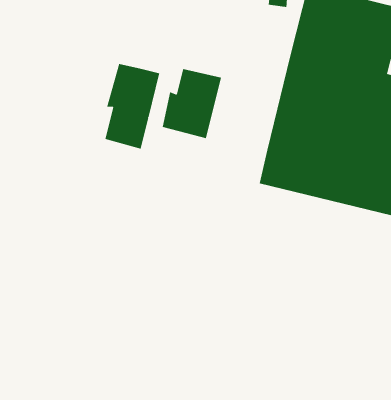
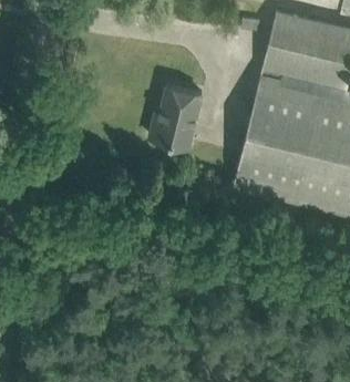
building: [105,63,160,150] -> none

